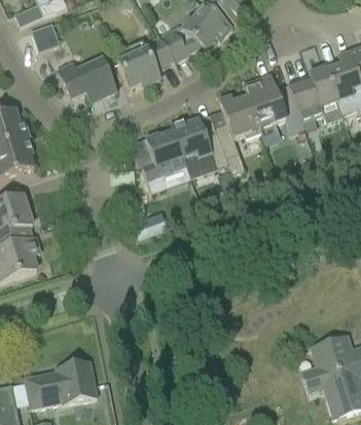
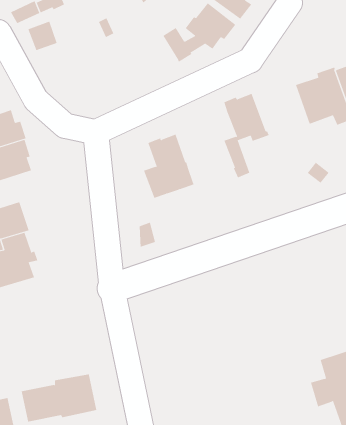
building: [117,36,174,87] -> none
building: [56,56,117,102] -> none
building: [243,74,303,133] -> none
building: [170,117,228,177] -> none

